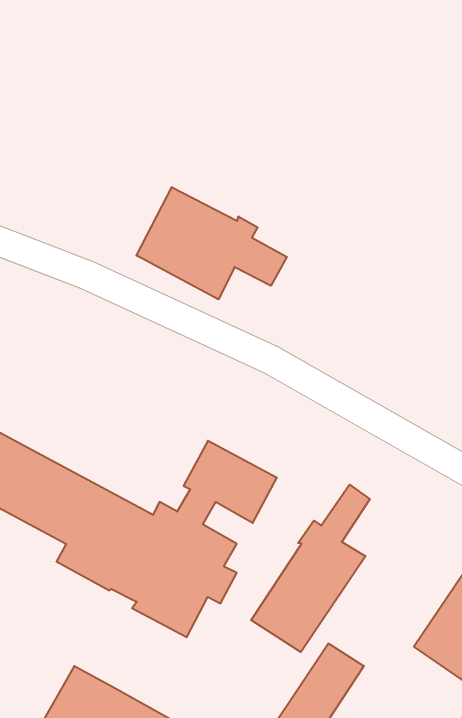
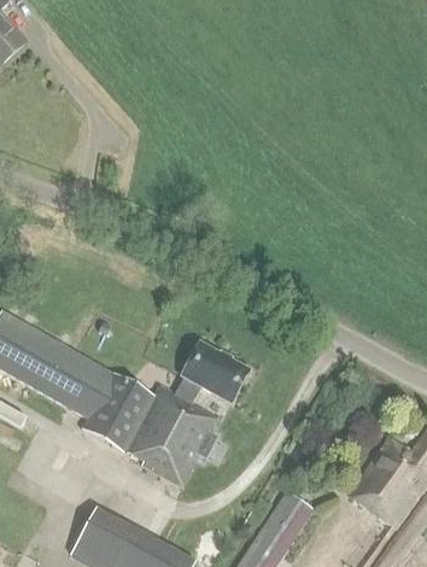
building: [136,187,287,299] -> none
building: [251,485,370,652] -> none

